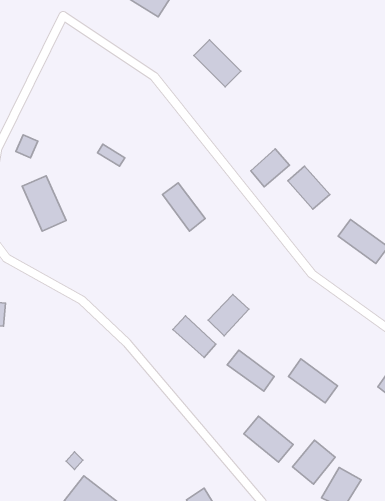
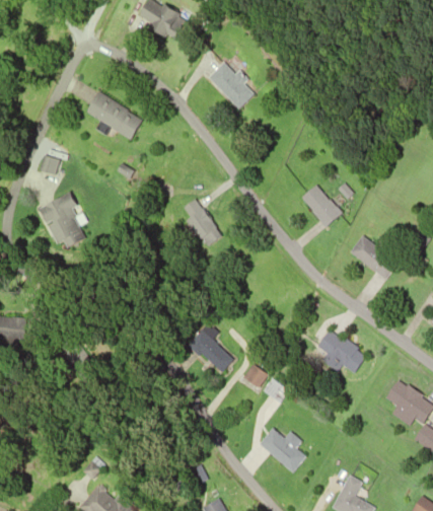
building: none -> [84,90,143,140]
building: [251,149,290,187] -> none
building: [208,295,249,336] -> none
building: [288,359,338,403] -> [316,330,364,372]
building: [292,440,335,484] -> none

